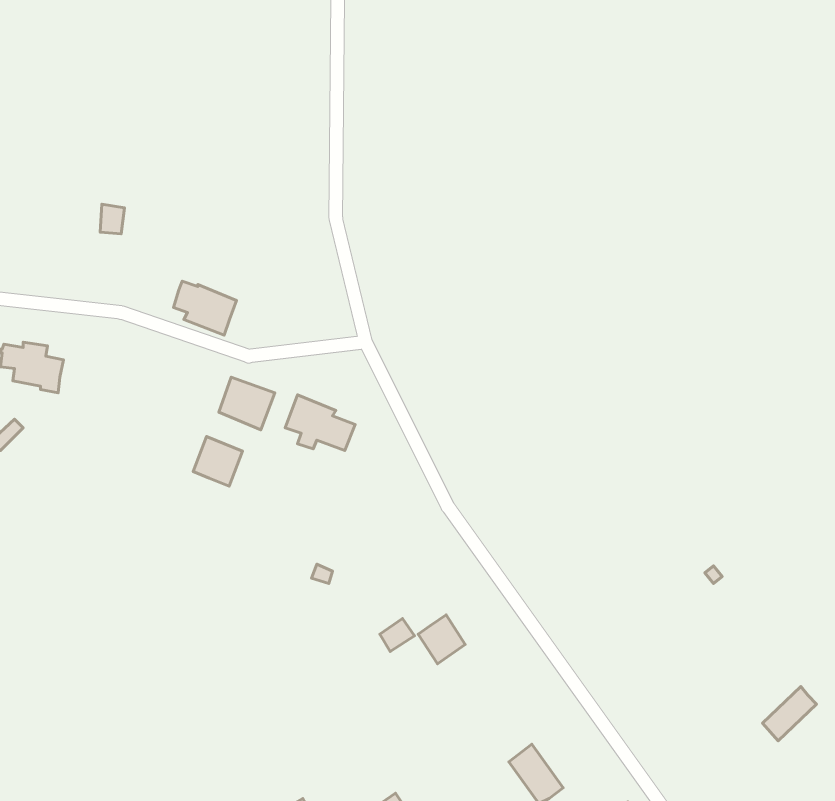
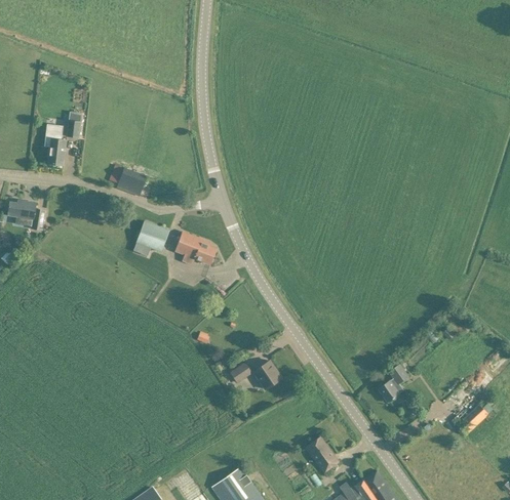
building: none -> [47,138,67,166]
building: [193,436,242,486] -> none
building: none -> [379,364,408,402]

